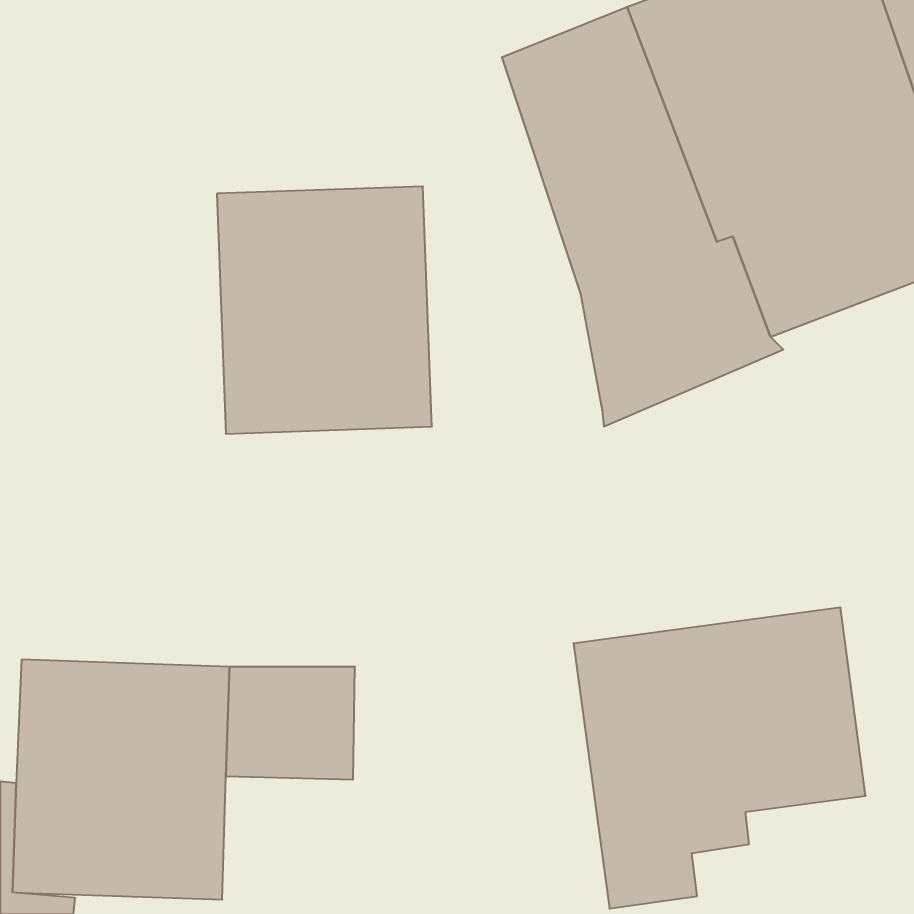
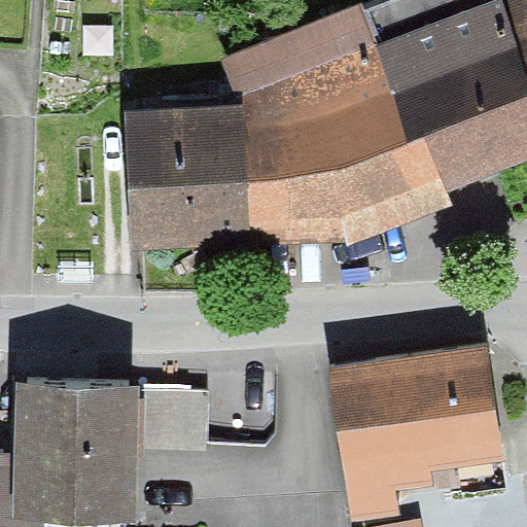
building: none -> [223,33,347,245]

